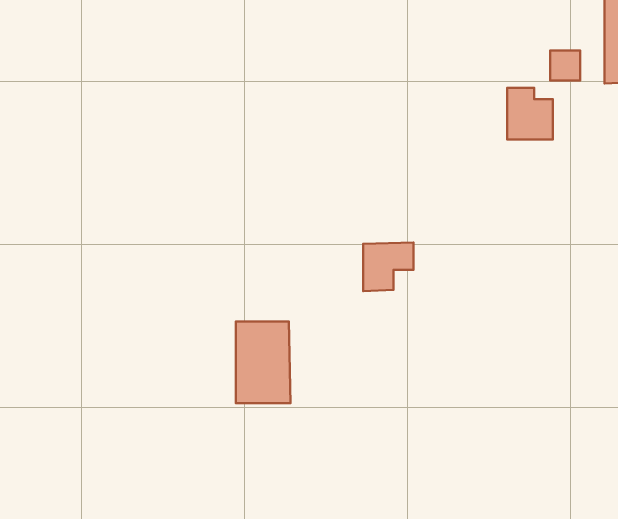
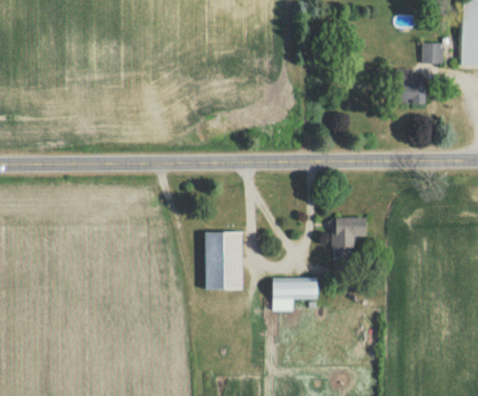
building: [363,243,413,291] -> [333,217,369,251]
building: none -> [272,281,320,308]

